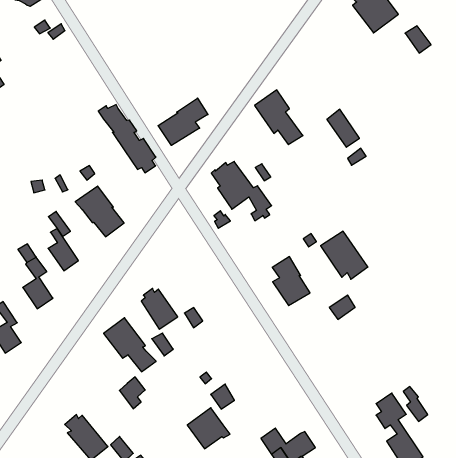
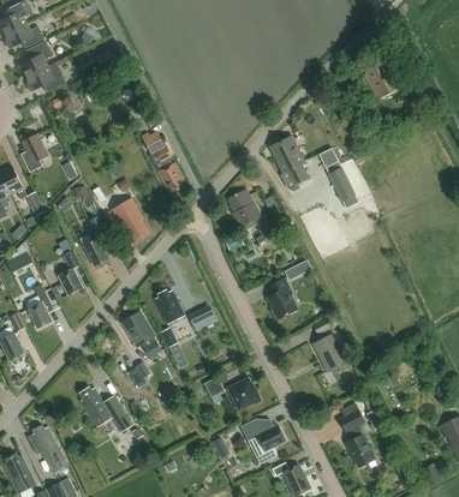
building: [158,98,208,145] -> none
building: [321,231,368,279] -> [314,334,351,375]
building: [187,408,230,449] -> [227,376,262,409]

